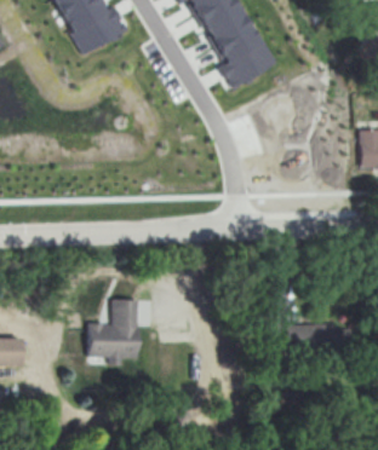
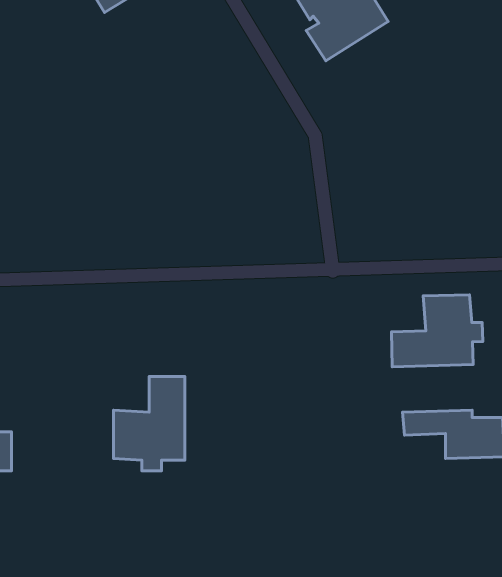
building: none -> [391,295,483,367]

